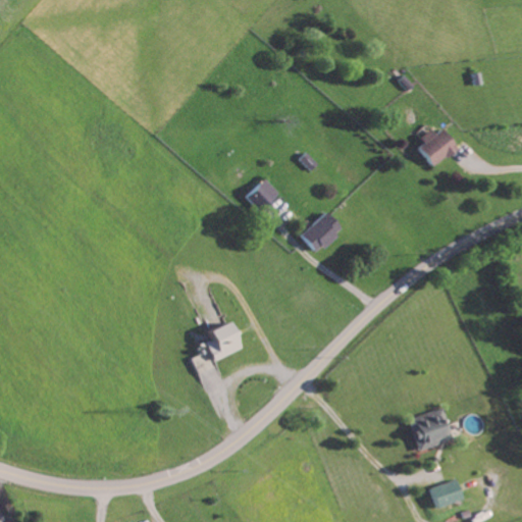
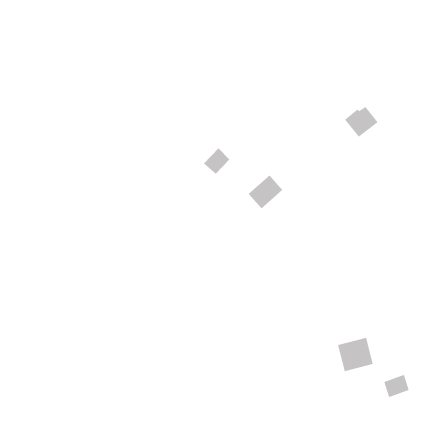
building: [206,321,242,361] -> none
building: [430,479,462,508] -> [383,374,410,398]

